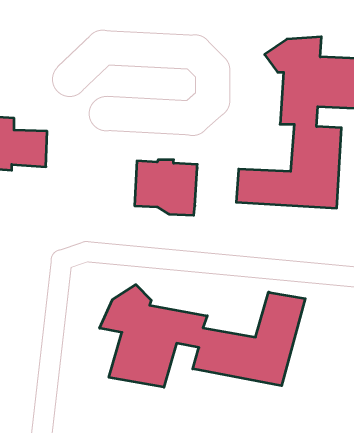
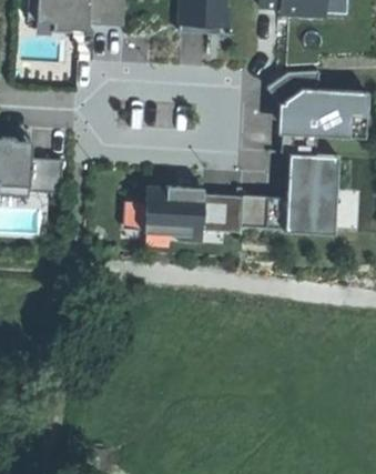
building: none -> [200,194,241,232]
building: [100,285,305,387] -> none

